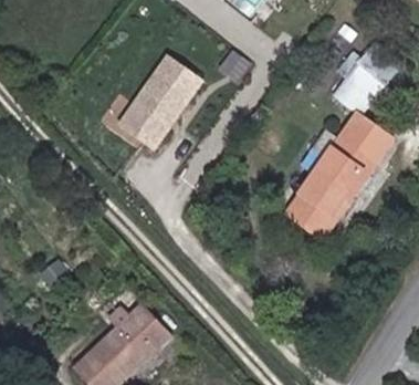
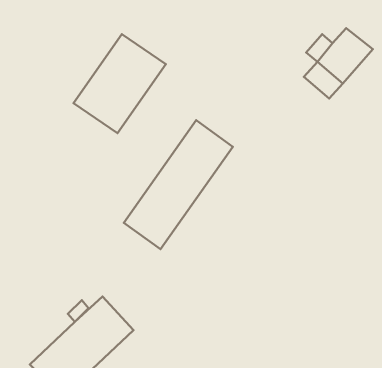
building: [287,115,392,239] -> [124,120,233,249]

